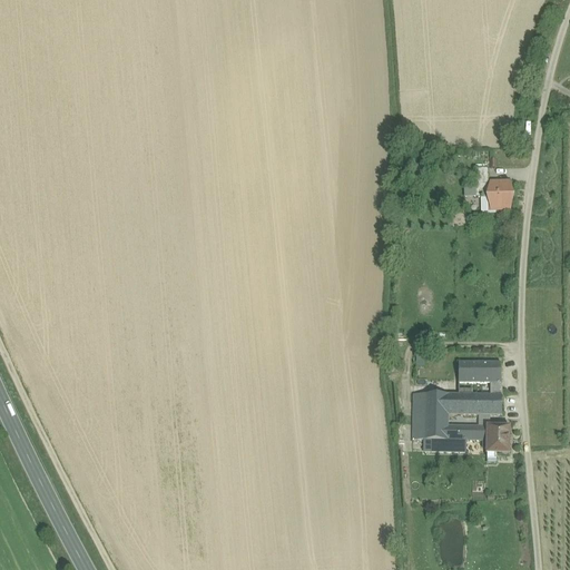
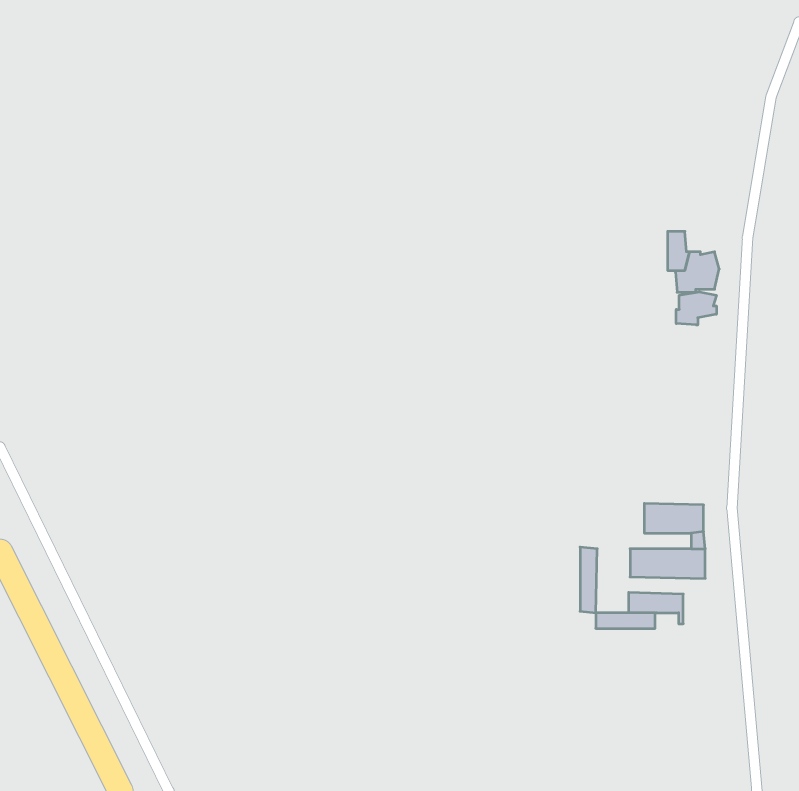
building: none -> [676,292,716,325]
building: [424,391,449,436] -> none
building: [487,423,510,451] -> none

